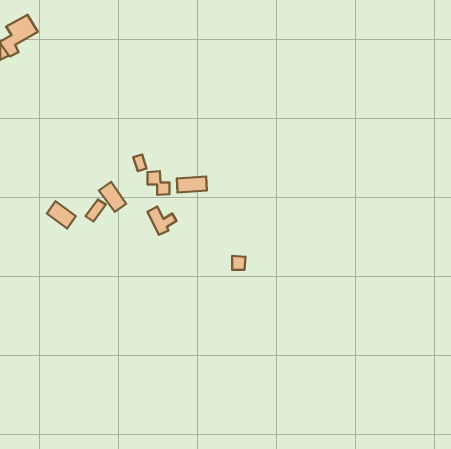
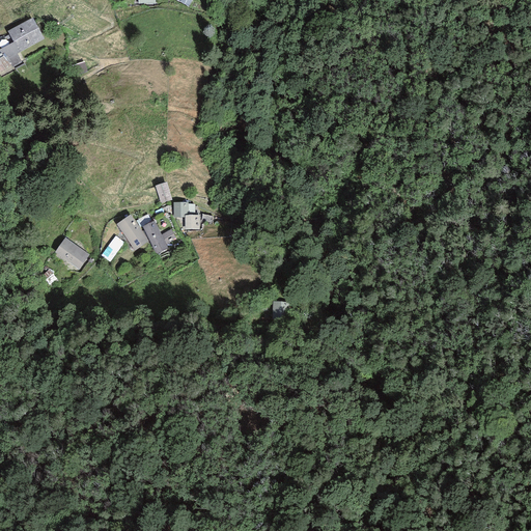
building: [177,176,207,192] -> none
building: [147,207,177,235] -> [142,220,176,253]

